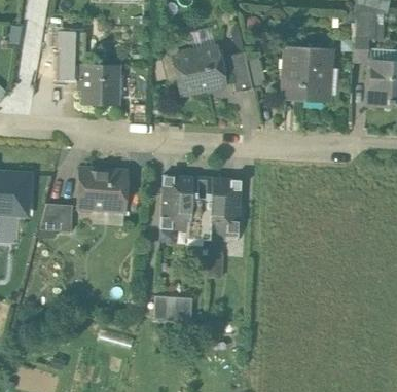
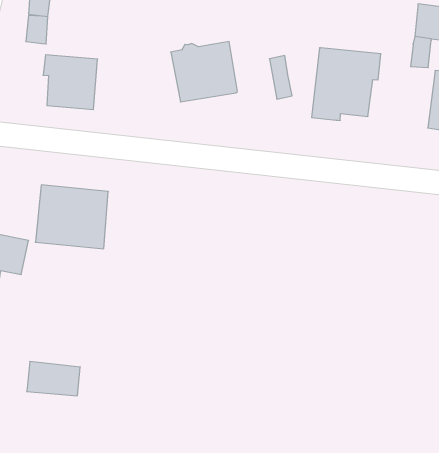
building: [226,55,252,95] -> none
building: [163,170,242,229] -> none
building: [153,296,192,320] -> [27,362,80,396]

